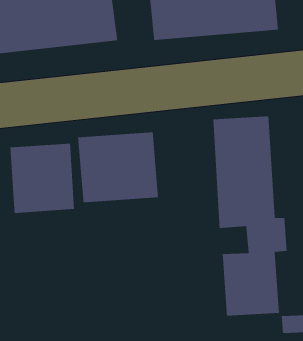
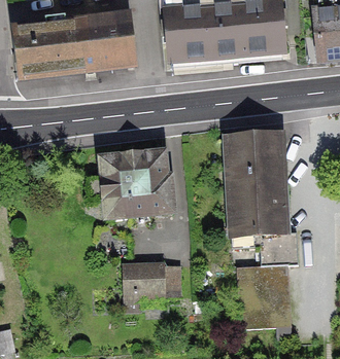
building: [10,143,75,214] -> none
building: none -> [120,264,163,301]

